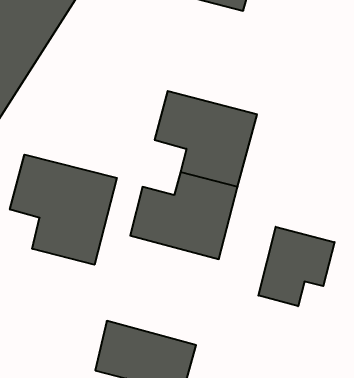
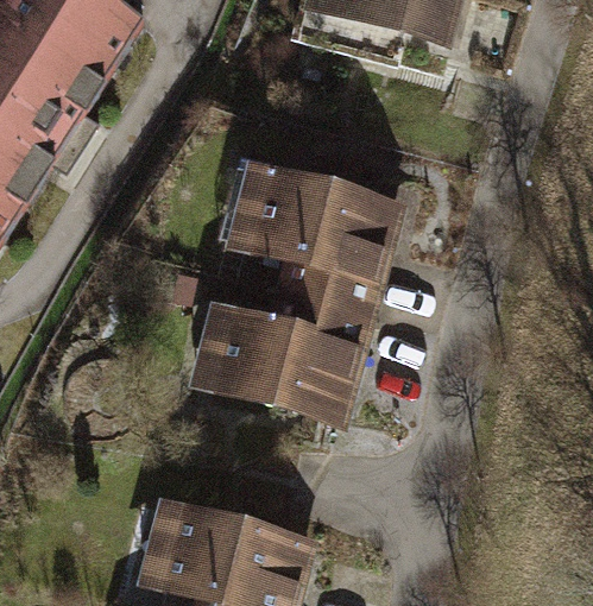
building: [10,155,117,265] -> none
building: [258,227,335,306] -> none

